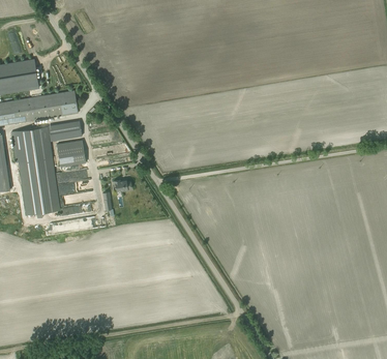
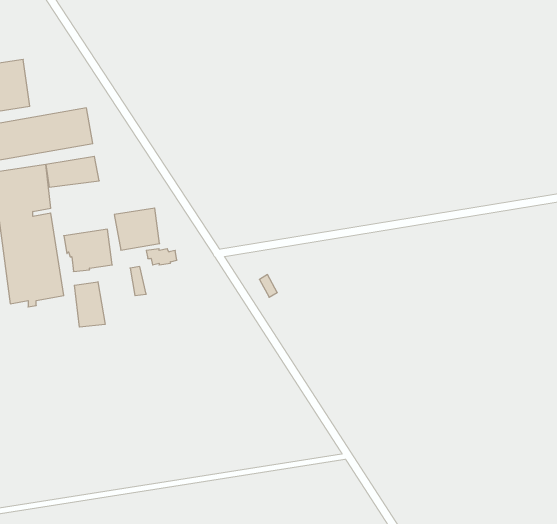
building: [56,139,85,166] -> [114,208,160,250]
building: none -> [74,282,105,327]

